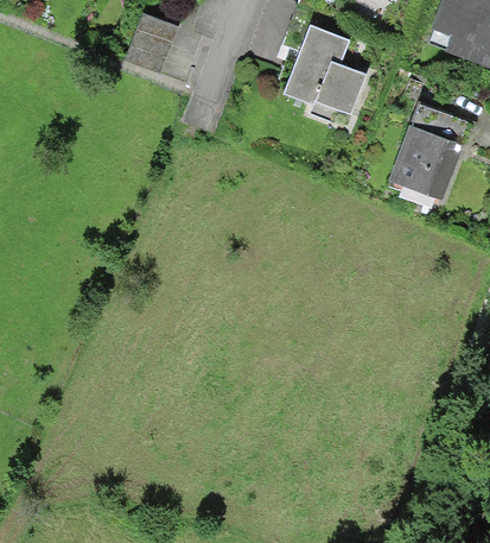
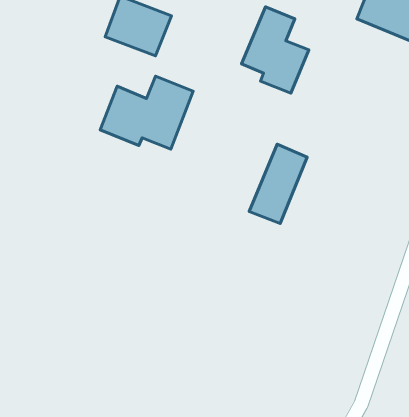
building: [388,105,457,198] -> [249,144,307,224]
building: none -> [100,76,193,149]

